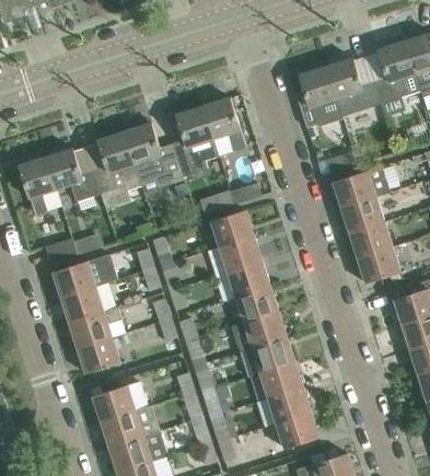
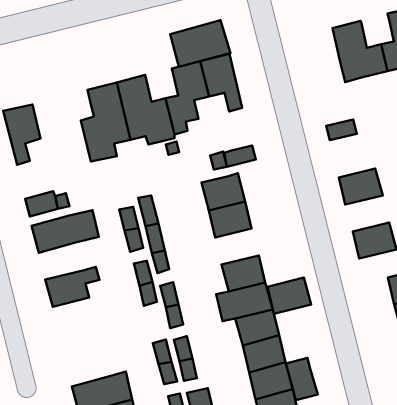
building: none -> [170,20,231,67]
building: [295,67,336,128] -> none
building: [46,149,105,208] -> none
building: [333,166,390,208] -> none
building: [349,222,392,258] -> none
building: [228,262,270,298] -> [268,278,311,314]
building: [61,286,104,323] -> none
building: [78,337,120,374] -> none
building: none -> [286,358,318,400]
building: [93,385,136,422] -> none

